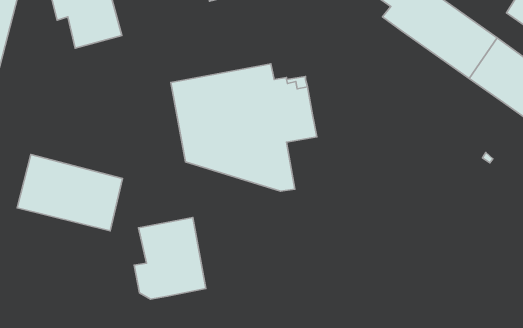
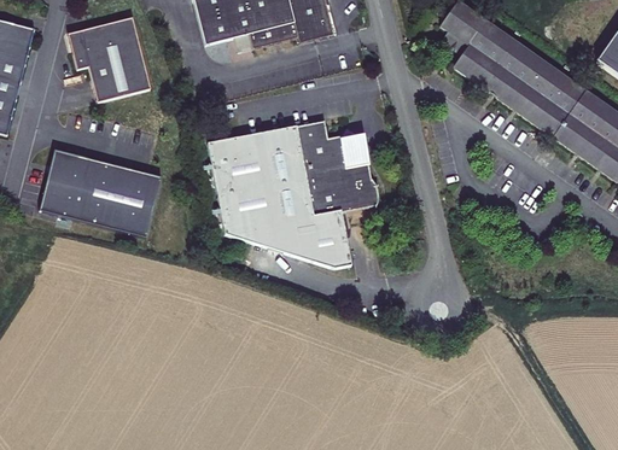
building: [17,155,123,231] -> [39,148,161,236]
building: [134,217,206,299] -> none

